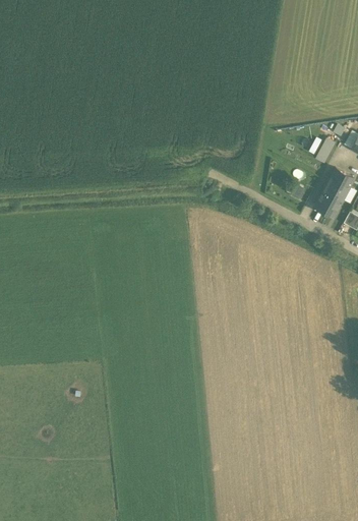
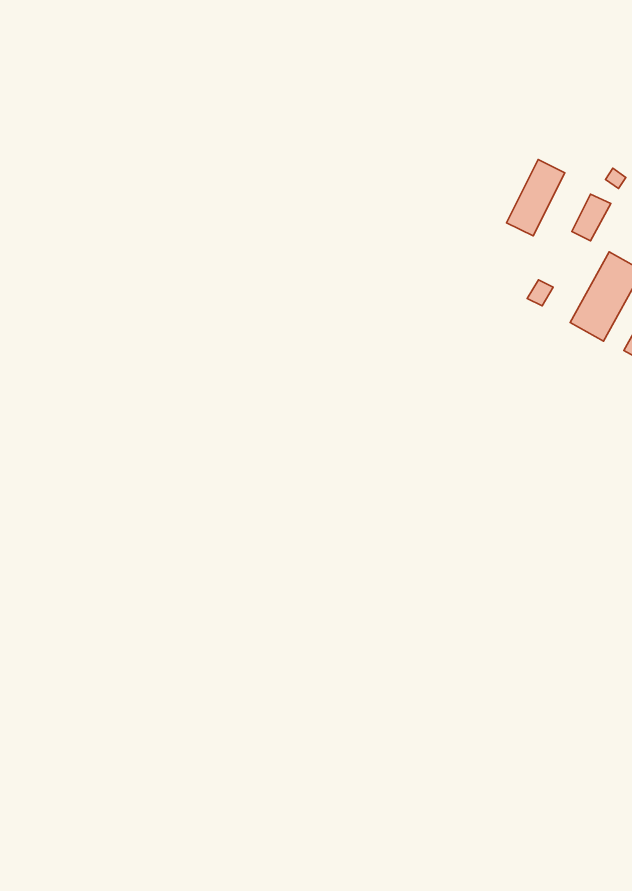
building: none -> [507,160,565,236]

